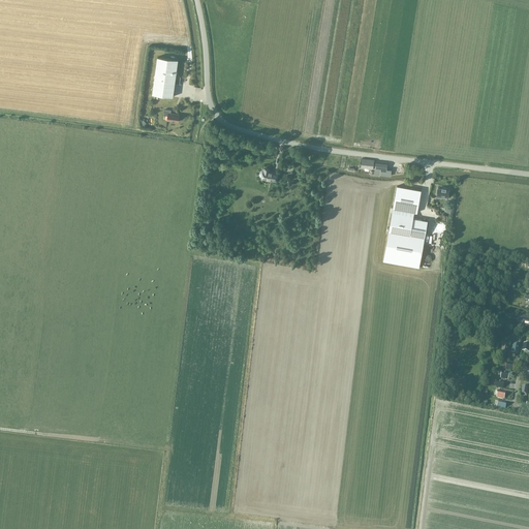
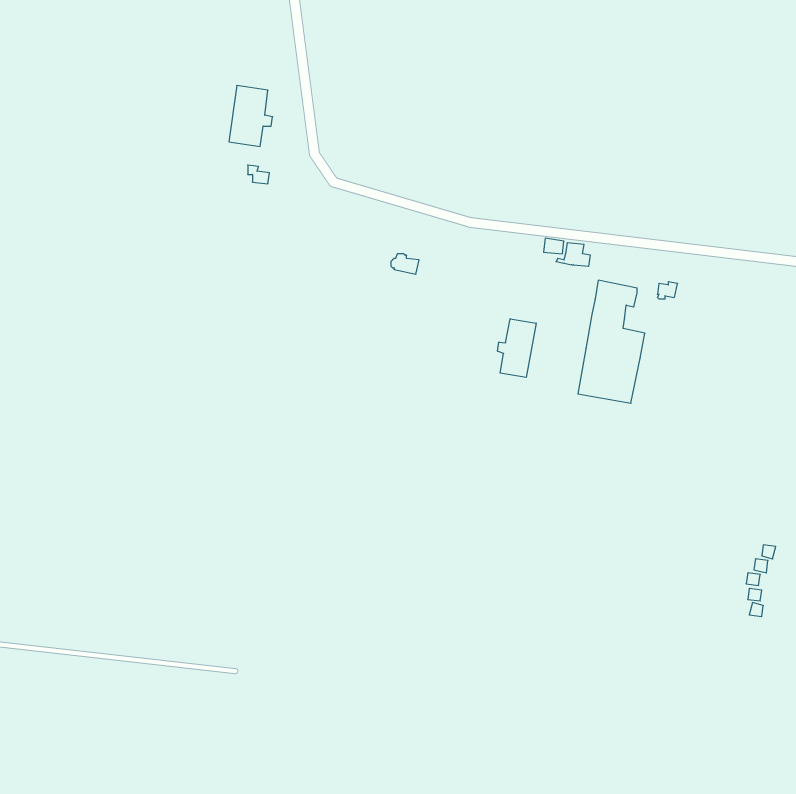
building: none -> [498,319,536,377]

